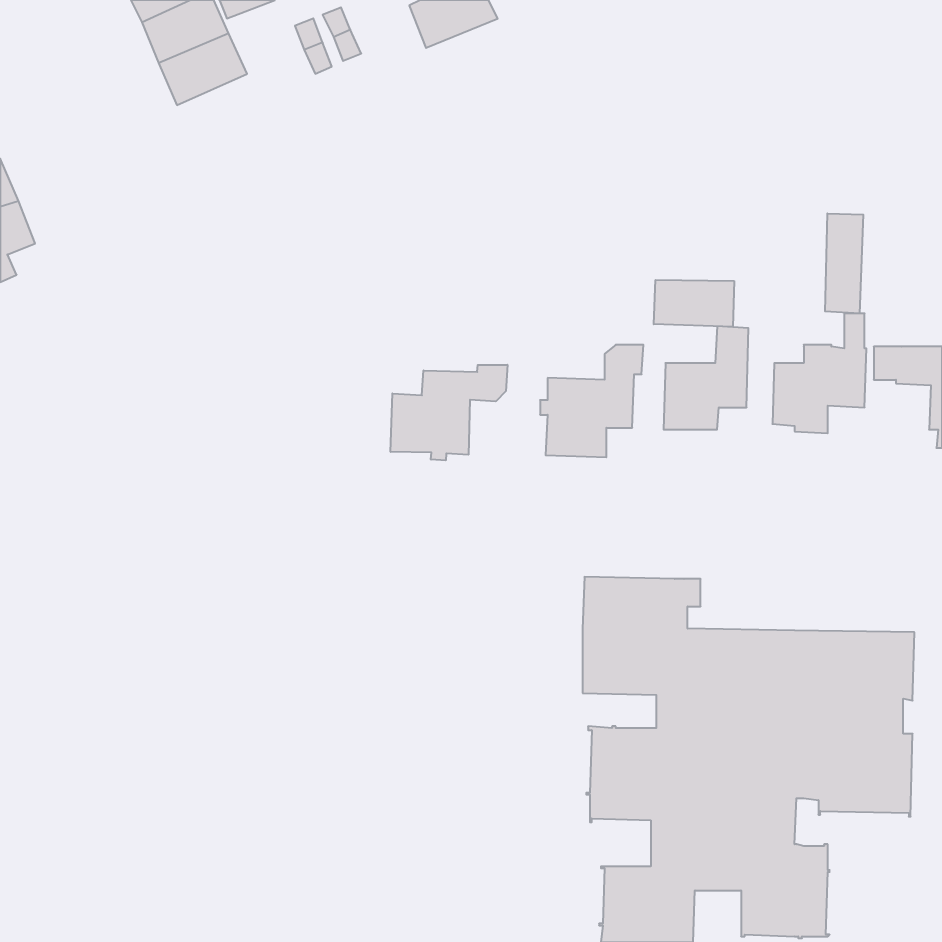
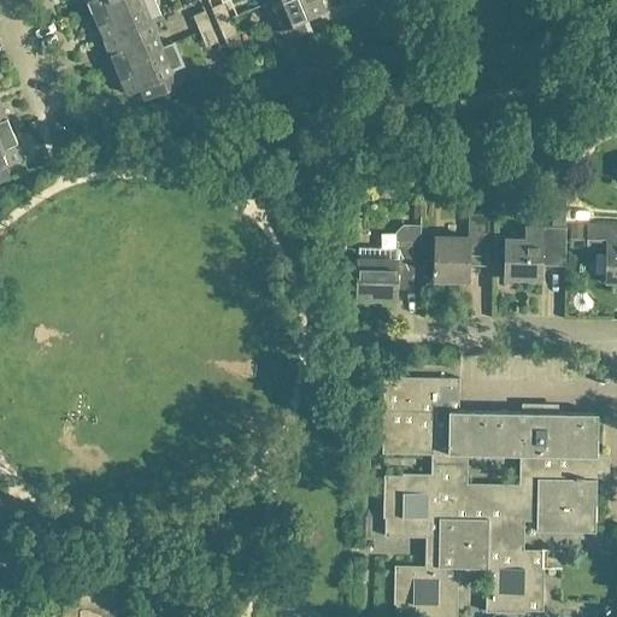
building: none -> [116,43,183,100]
building: [825,213,863,313] -> none
building: [654,280,734,327] -> none
building: [391,365,507,460] -> none

